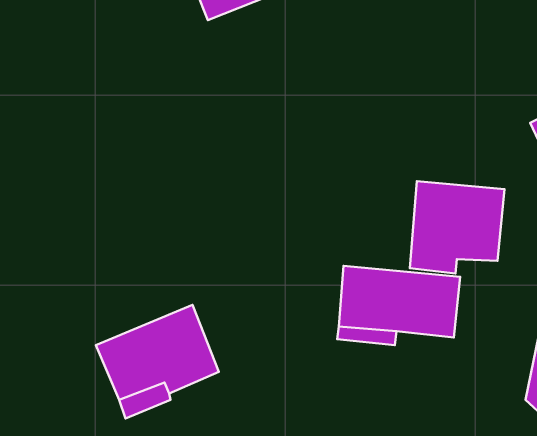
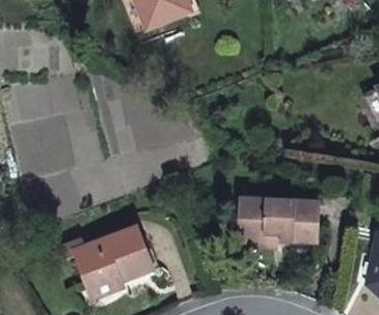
building: [410,181,505,273] -> none

